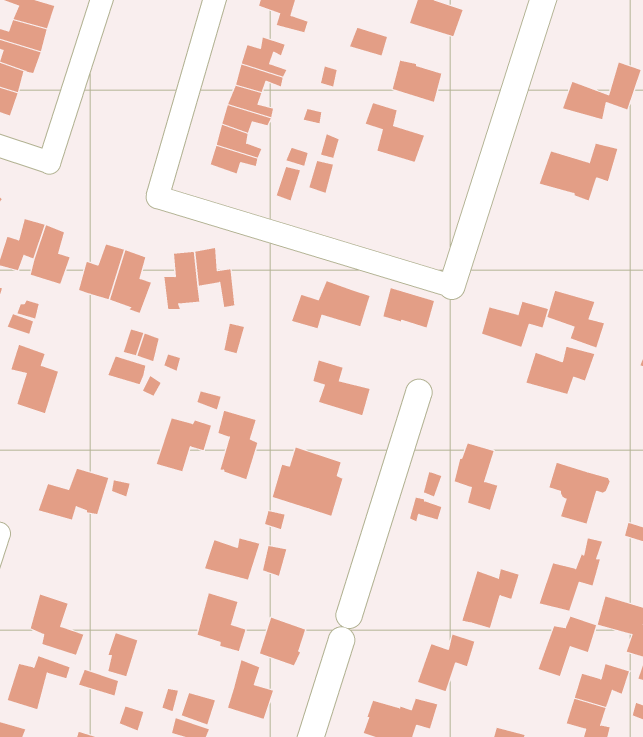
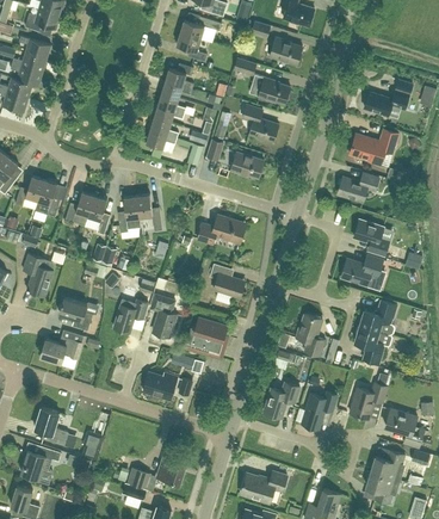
building: [383,287,435,328] -> [230,152,262,177]
building: [481,301,549,347] -> [336,173,378,202]
building: none -> [58,297,92,329]
building: none -> [359,299,396,335]
building: [197,592,246,652] -> none
building: [538,616,597,677] -> none
building: [259,617,306,666] -> none
building: [417,634,475,692] -> [262,382,298,418]

